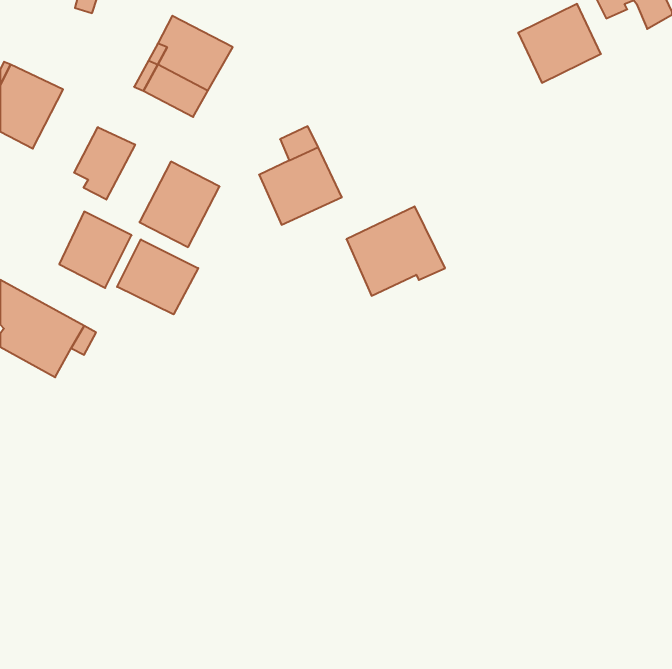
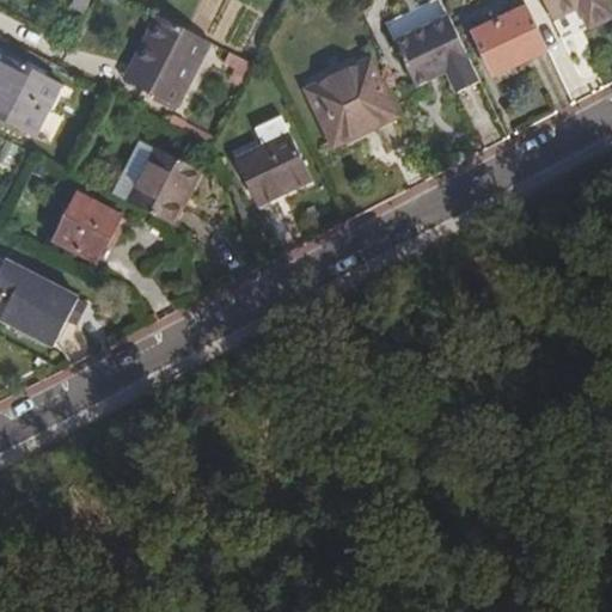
building: none -> [392,14,479,91]
building: [74,127,135,200] -> none
building: [346,206,445,296] -> [307,59,397,140]
building: [117,239,198,314] -> none

